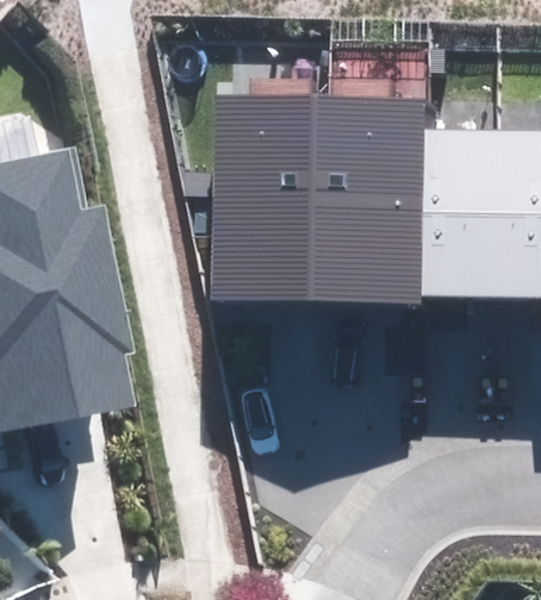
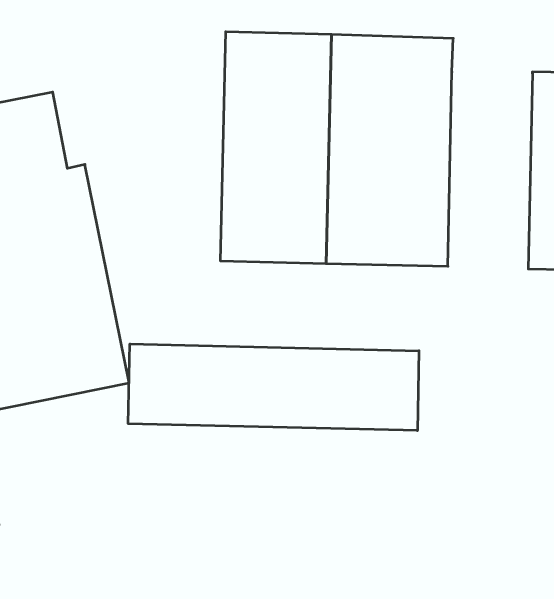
building: [417,127,492,302] -> none
building: none -> [128,344,419,431]

